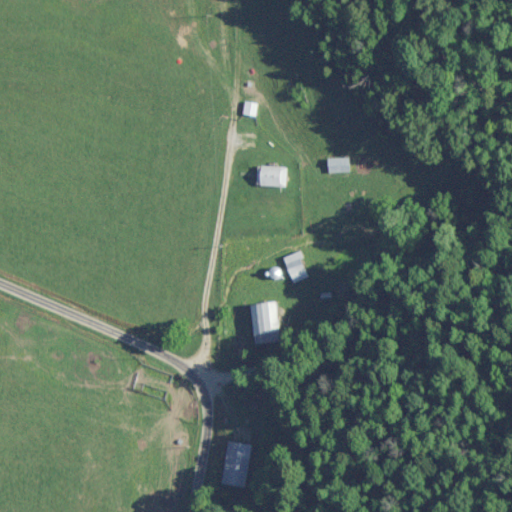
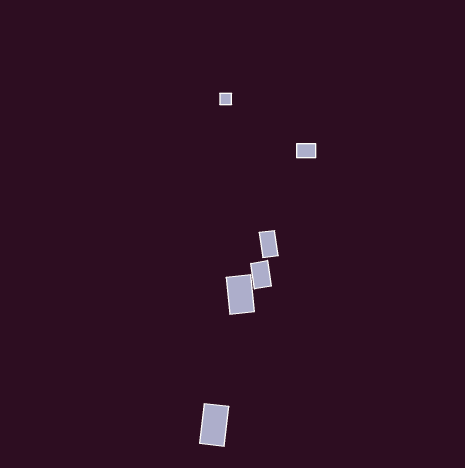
building: [256,164,287,188] -> none
building: none -> [251,260,271,289]

